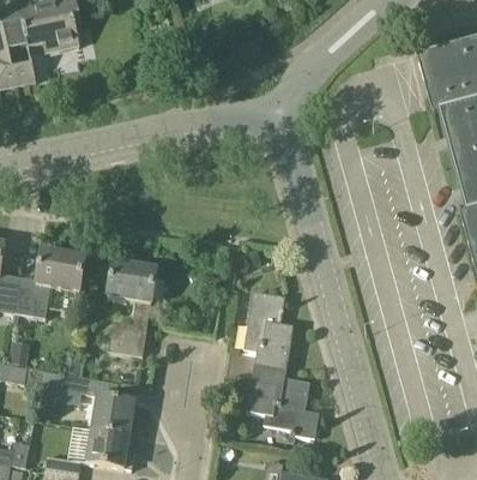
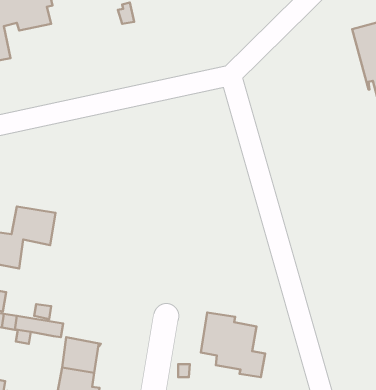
building: [108,260,157,358] -> none
building: [243,292,294,372] -> none

